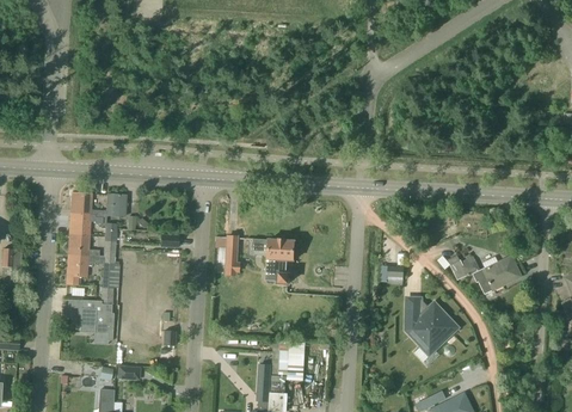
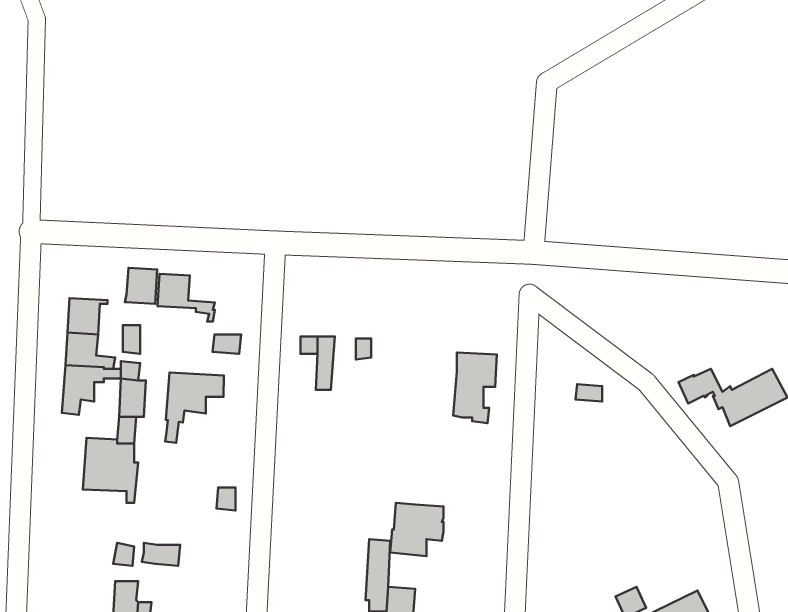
building: [70,192,106,222] -> [157,274,215,321]
building: [266,239,294,283] -> [453,352,497,423]
building: none -> [165,373,224,443]
building: [406,303,455,353] -> none

